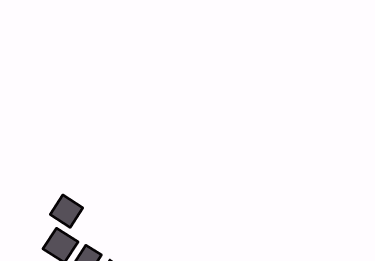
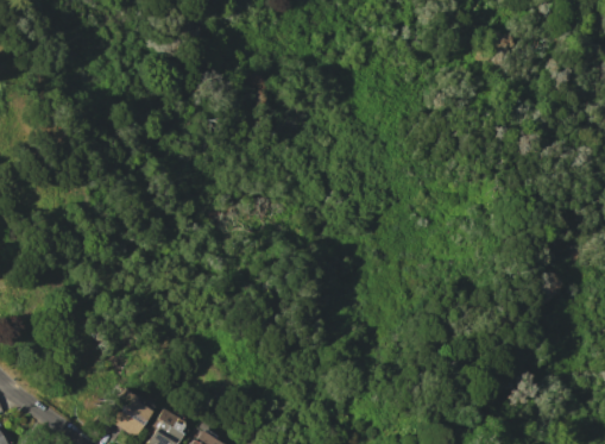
building: [50,195,83,227] -> none

